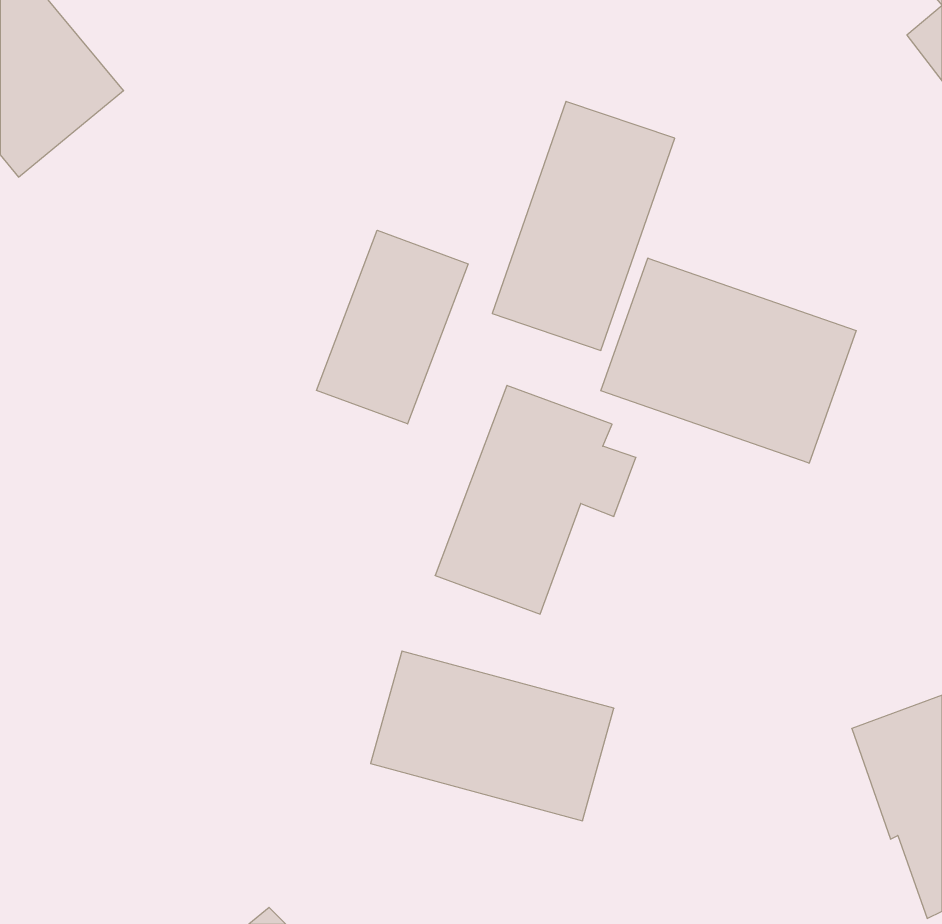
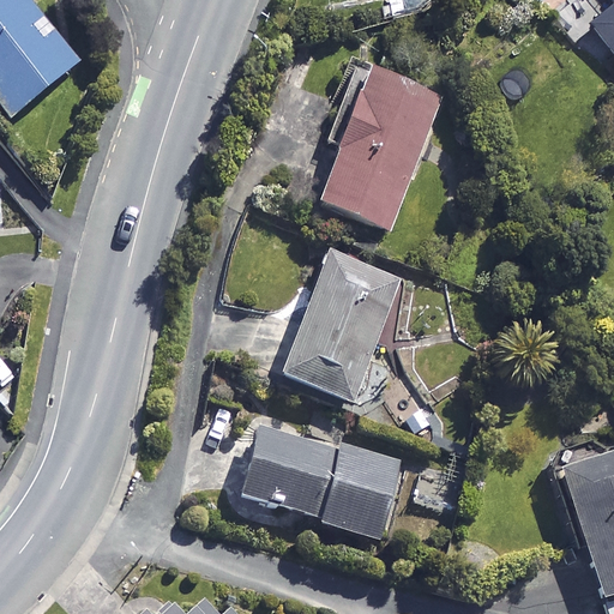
building: [317,230,468,424] -> none
building: [601,258,856,463] -> none

